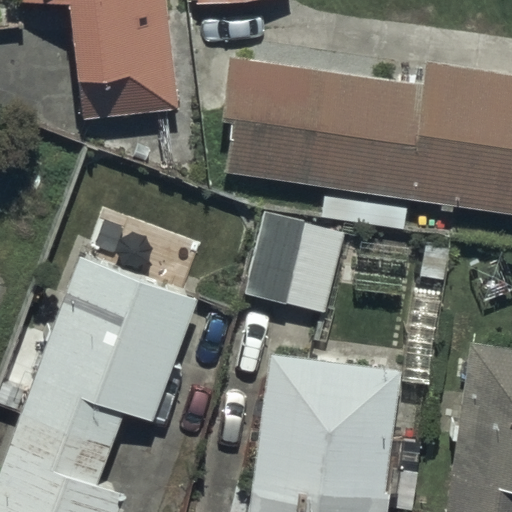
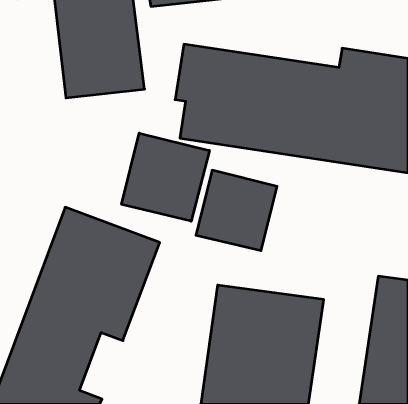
building: none -> [122,133,209,221]

